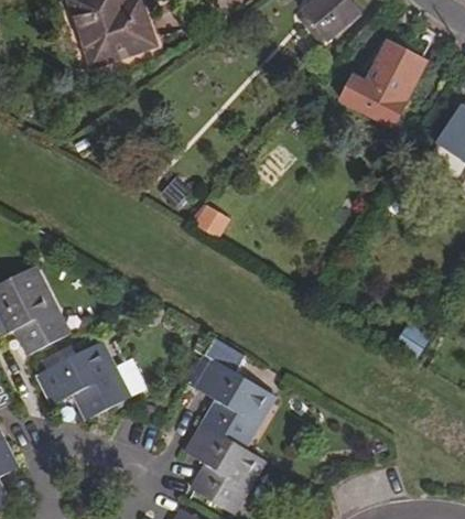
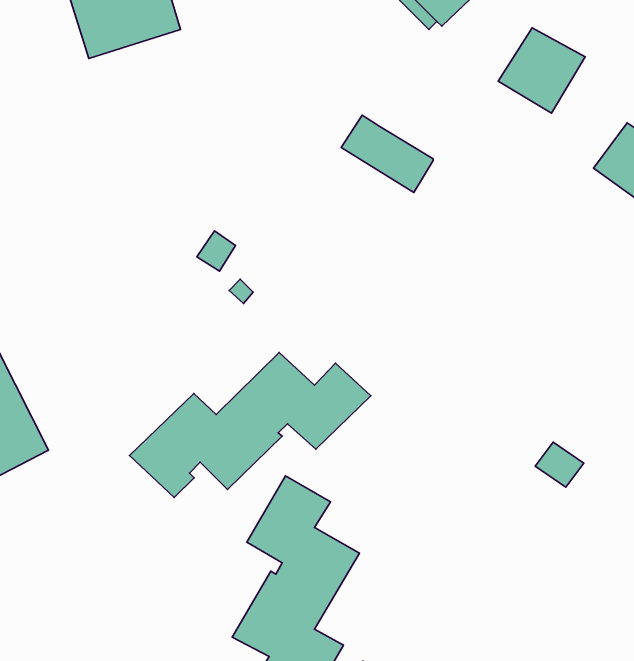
building: [343,71,405,123] -> [341,115,433,193]
building: none -> [130,353,371,498]
building: [33,339,122,414] -> none

